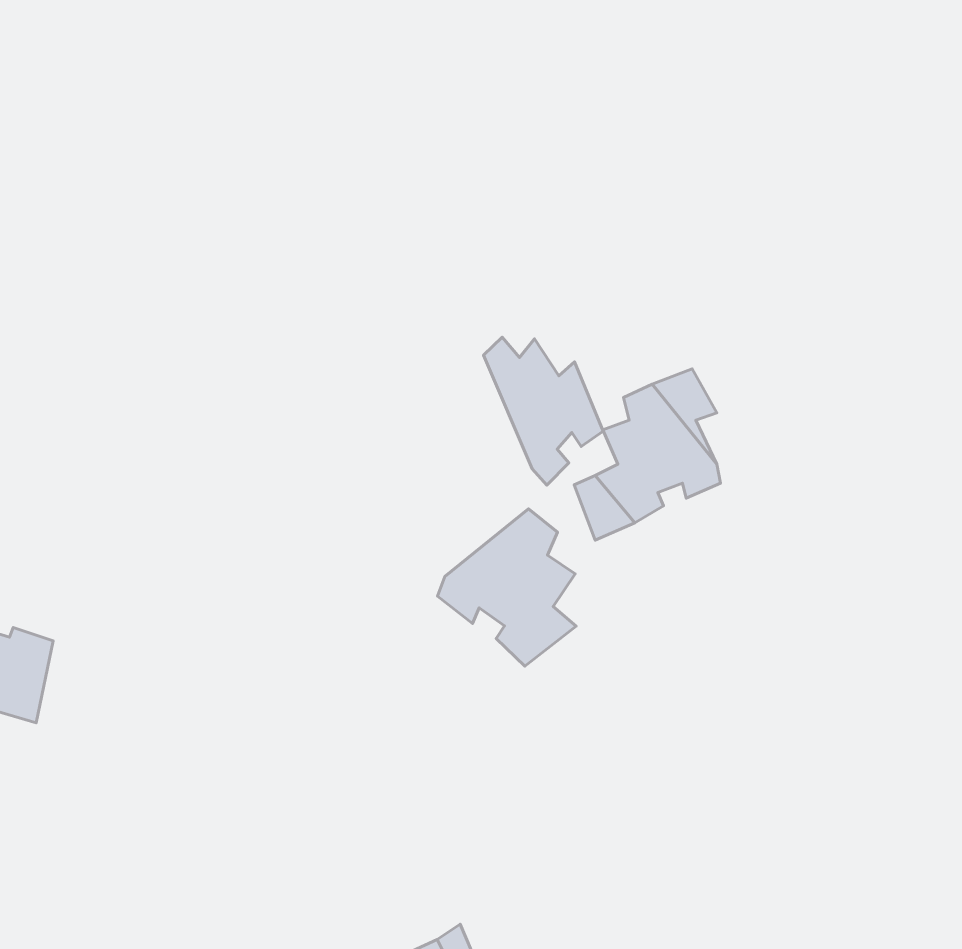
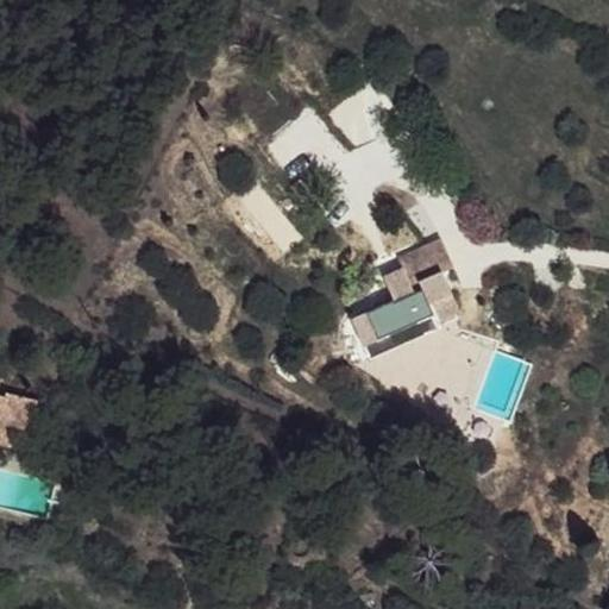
building: [483,337,603,485] -> none
building: [438,509,576,666] -> none

